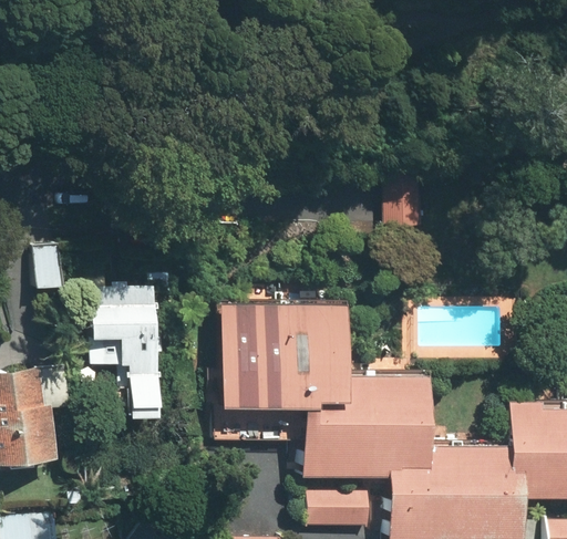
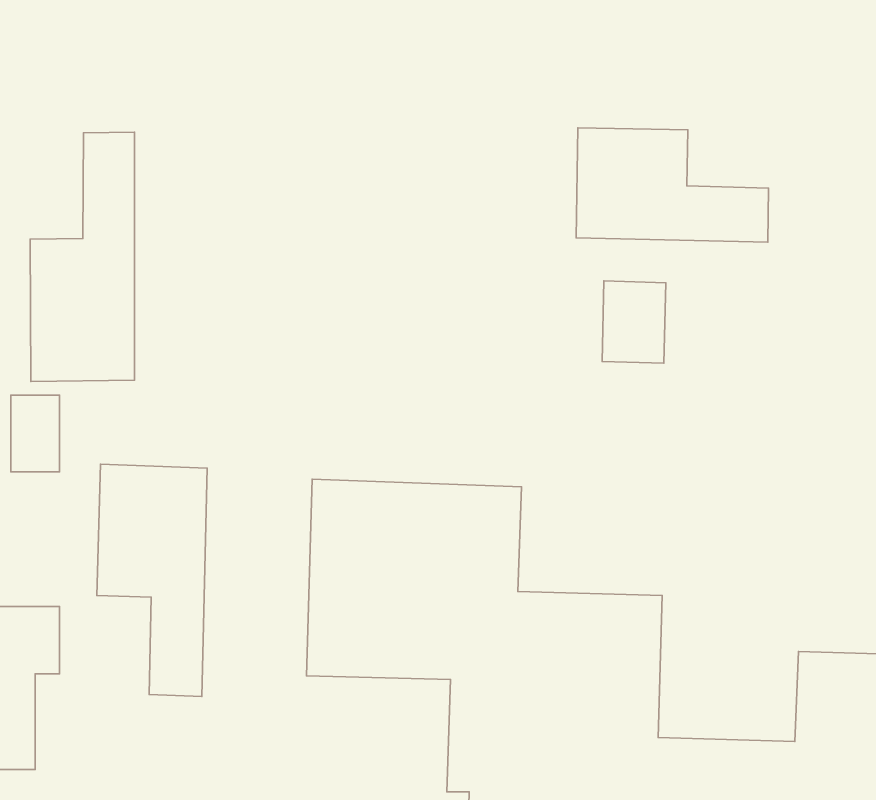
building: none -> [576,128,768,242]
building: none -> [30,132,134,382]

